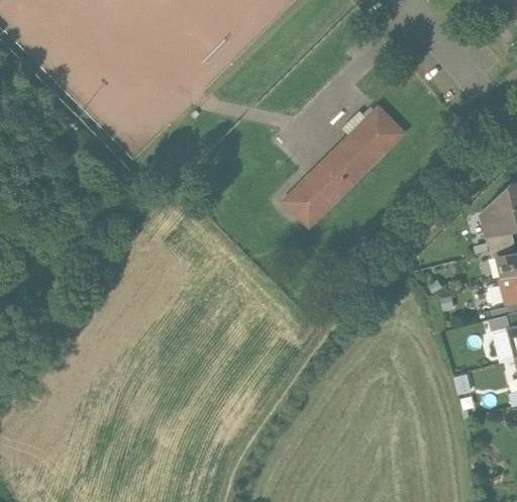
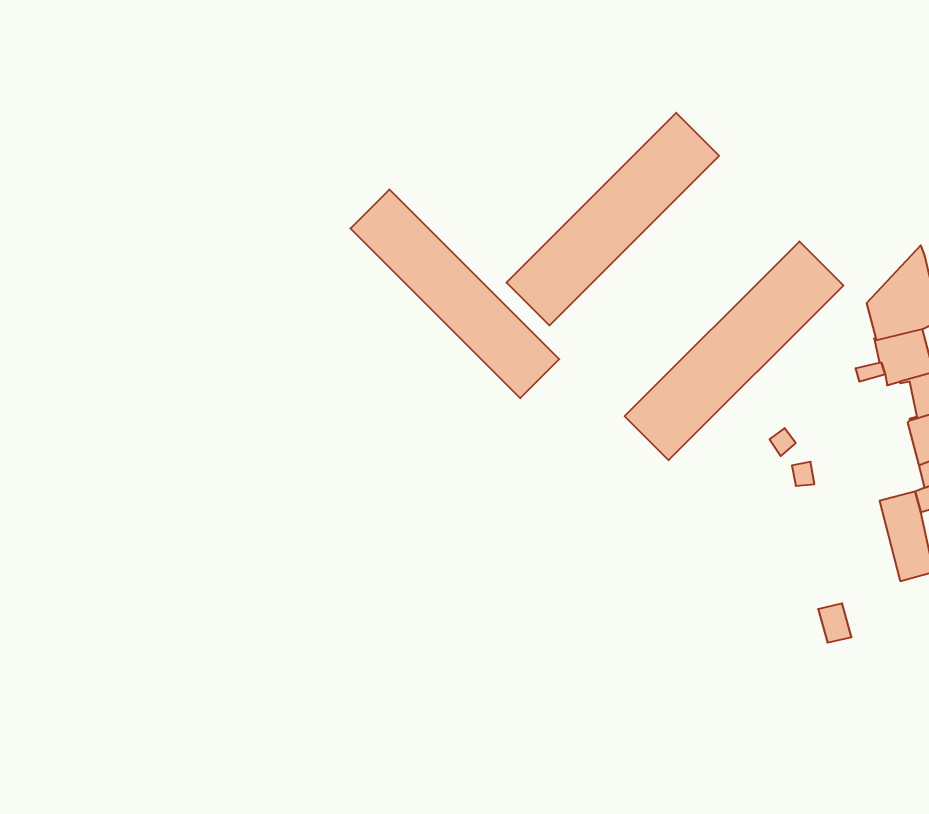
building: none -> [350,189,559,398]
building: none -> [625,241,843,460]

